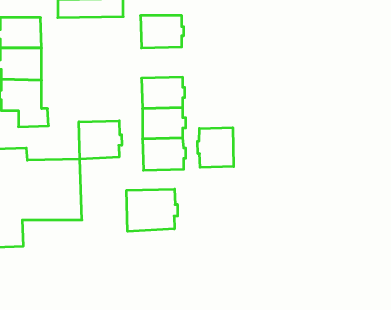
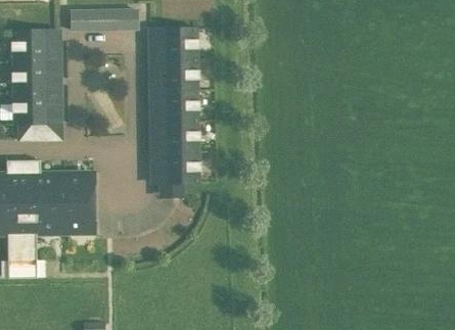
building: none -> [155,59,199,91]
building: [79,121,122,159] -> none
building: [197,128,234,167] -> none
building: [127,189,178,231] -> none

